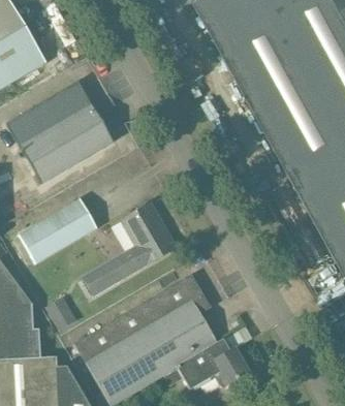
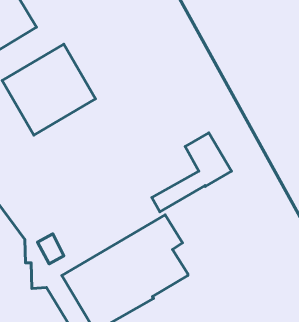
building: [19,199,96,262] -> none
building: [84,204,175,293] -> [152,133,231,212]
building: [177,338,248,389] -> none

